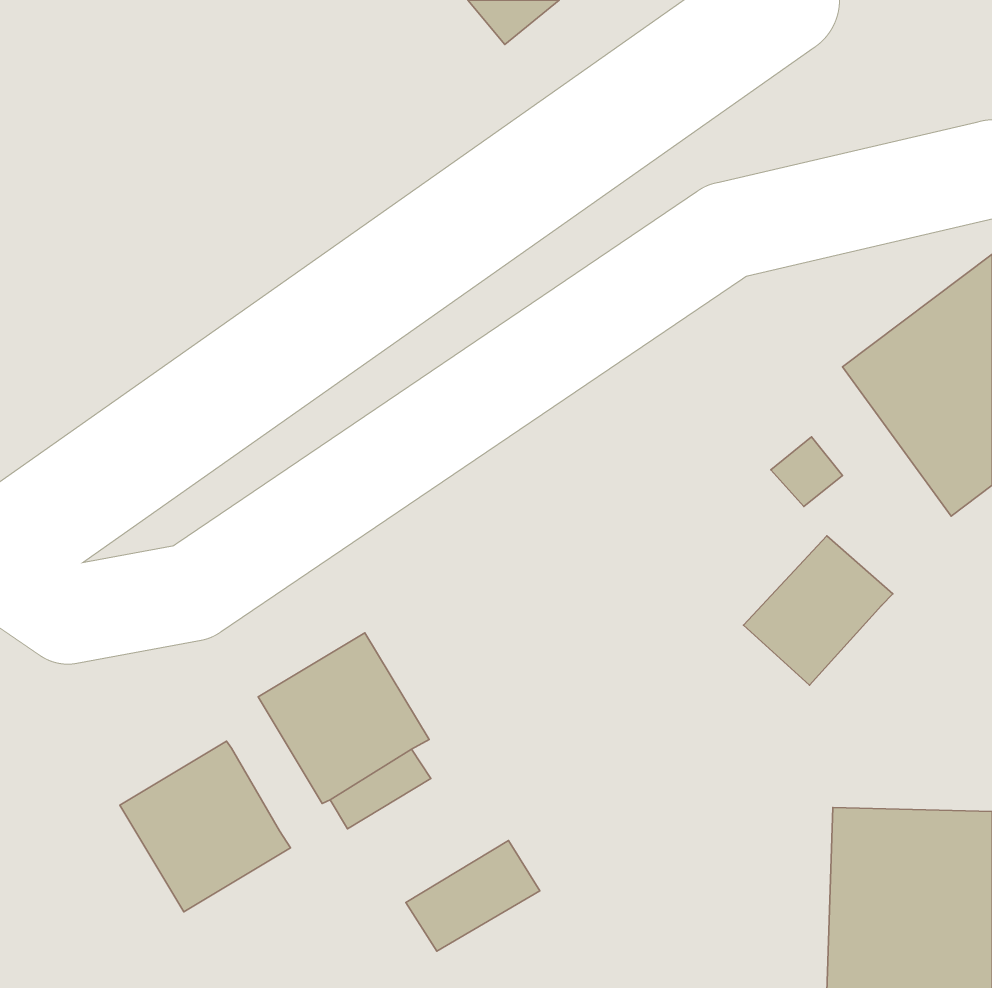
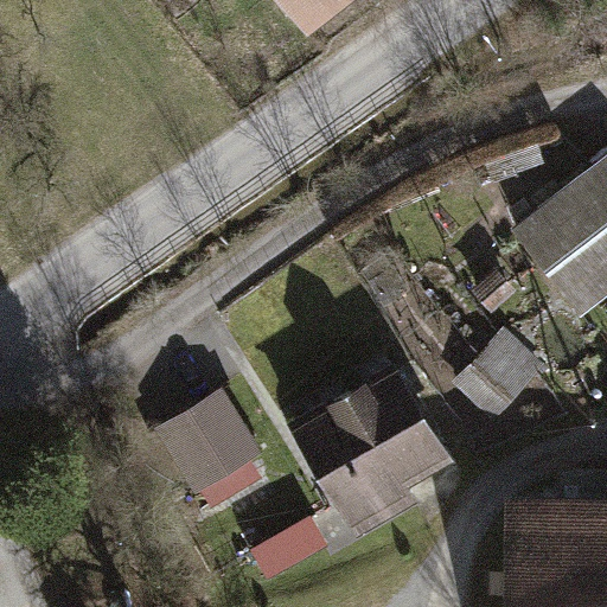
building: none -> [287,359,454,538]
building: [120,741,290,912] -> none

